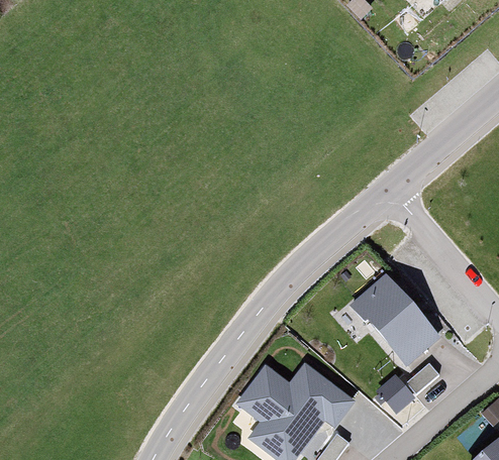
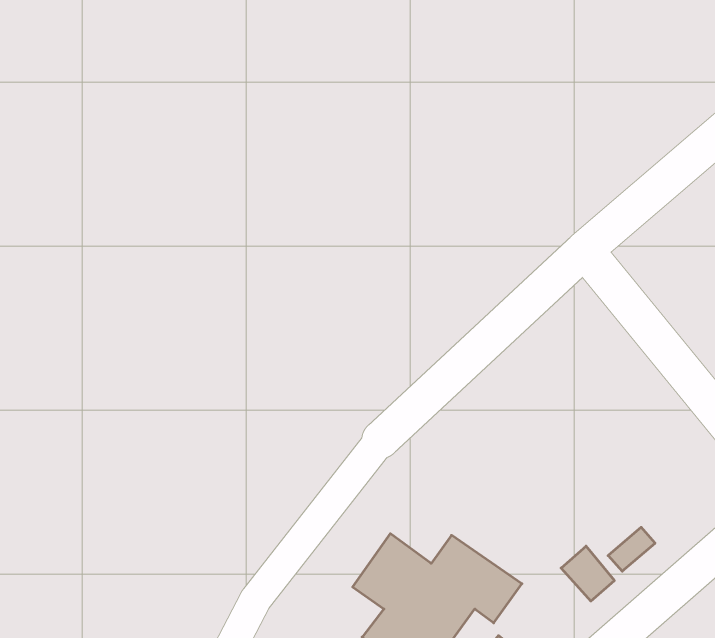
building: [355,277,435,360] -> none

